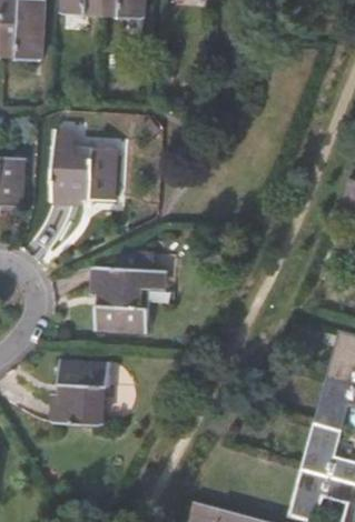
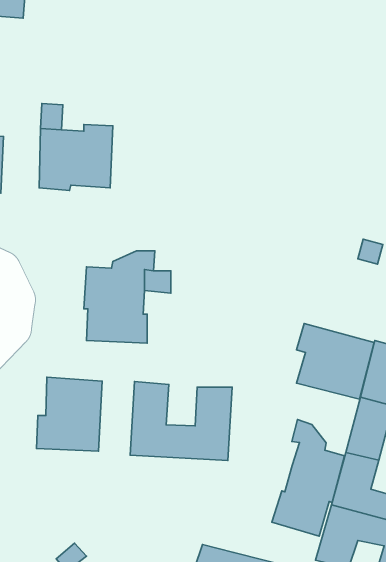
building: none -> [296,323,374,399]
building: none -> [130,382,232,461]
building: none -> [272,420,345,536]

